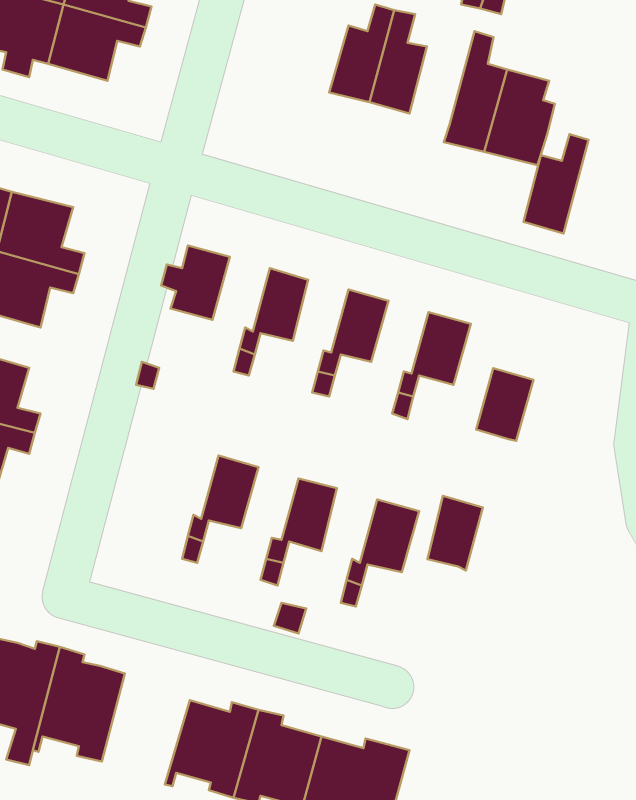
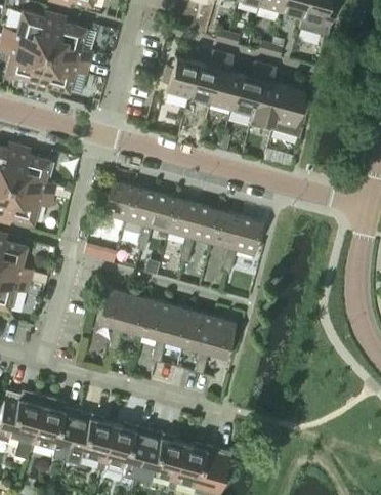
building: none -> [162,56,198,98]
building: [524,134,589,233] -> [230,63,265,116]
building: none -> [125,187,156,226]
building: none -> [168,199,198,238]
building: [476,368,533,441] -> [210,210,241,249]
building: none -> [96,287,128,327]
building: none -> [140,299,171,338]
building: [428,496,483,570] -> [183,311,213,350]
building: none -> [66,410,113,469]

